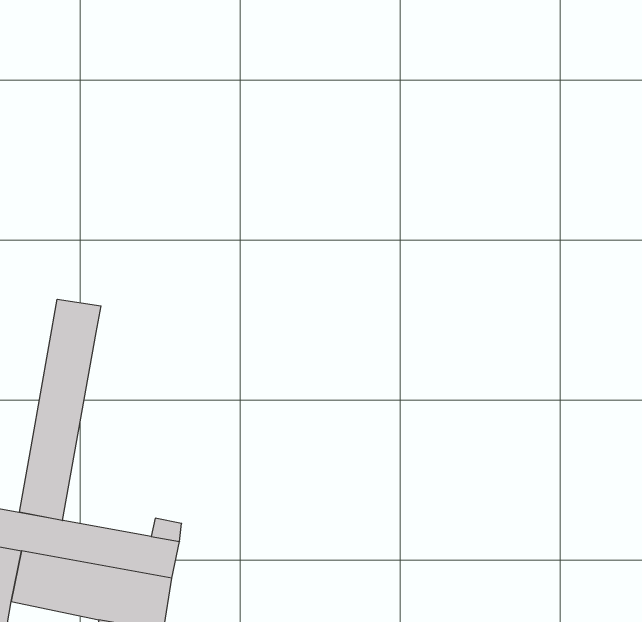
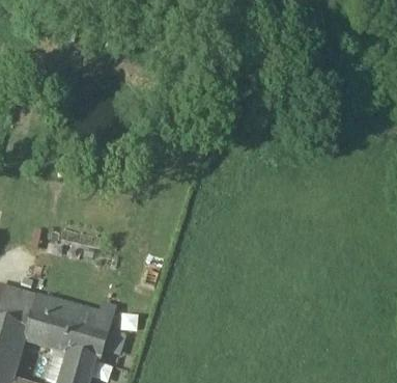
building: [20,299,101,521] -> none

